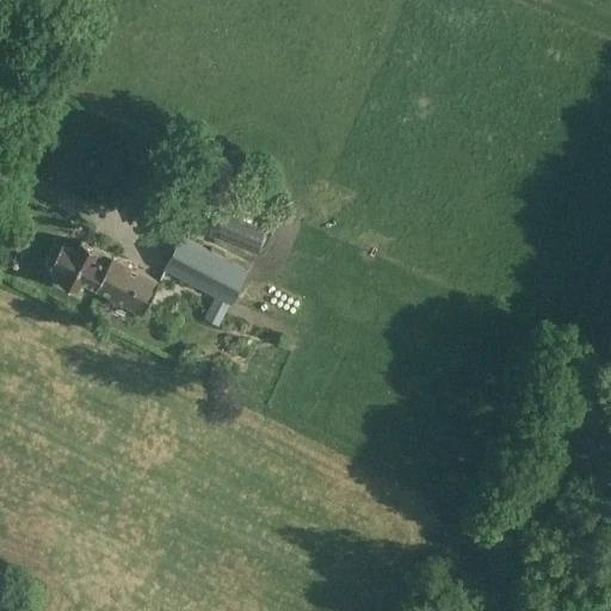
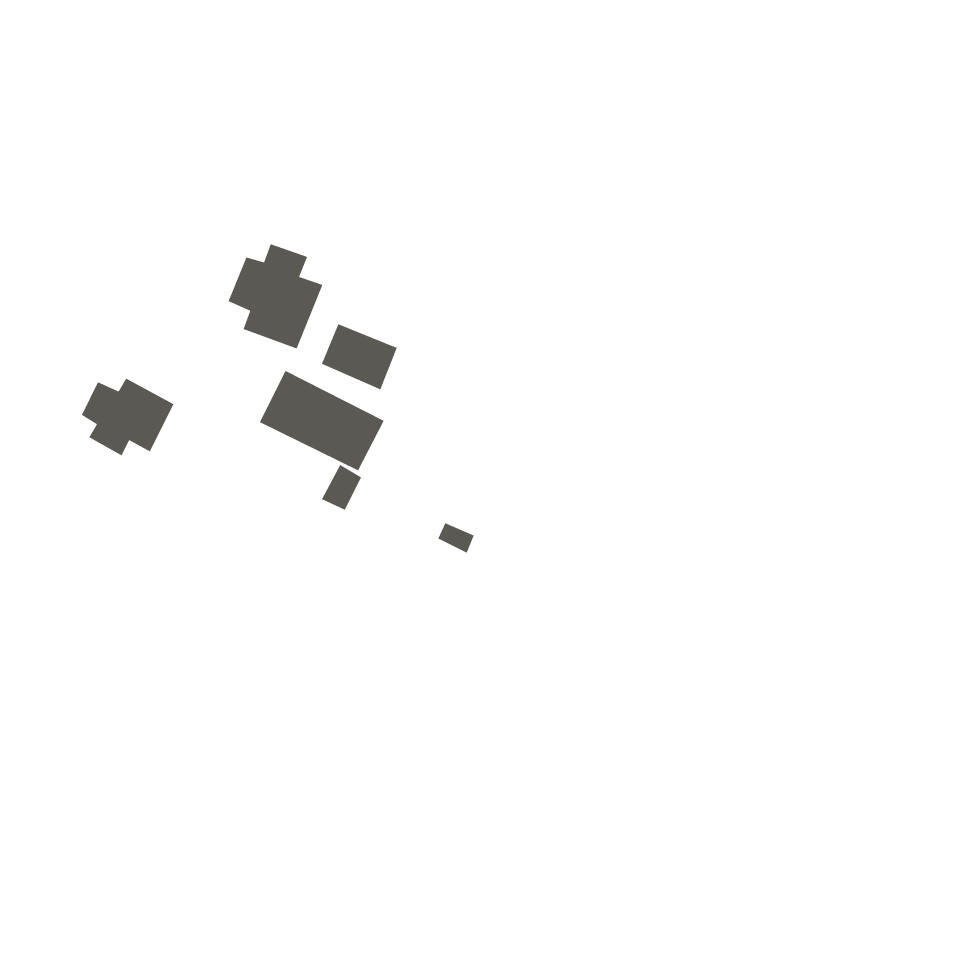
building: none -> [228,243,323,349]
building: [95,260,158,315] -> none

